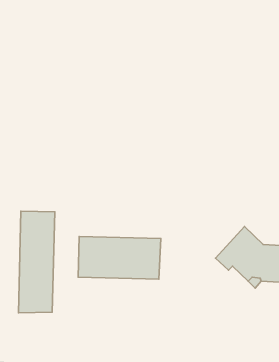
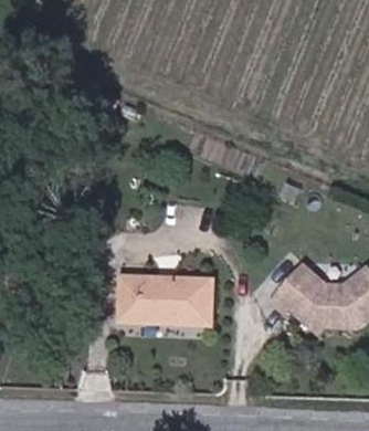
building: [18,211,55,313] -> none

